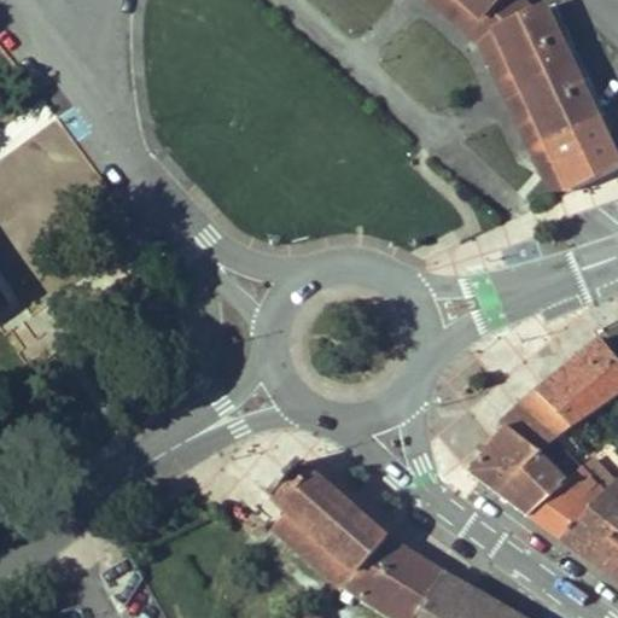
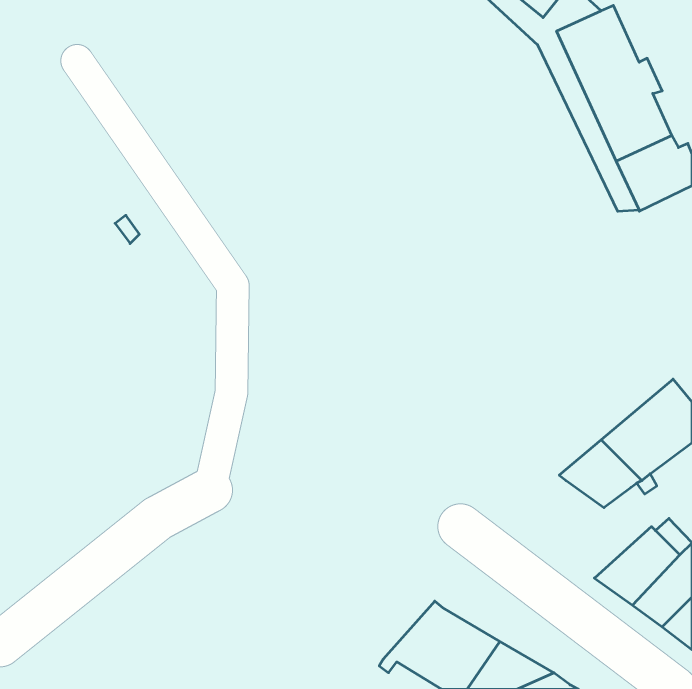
building: [470,428,581,515] -> none
building: [269,460,387,588] -> none

